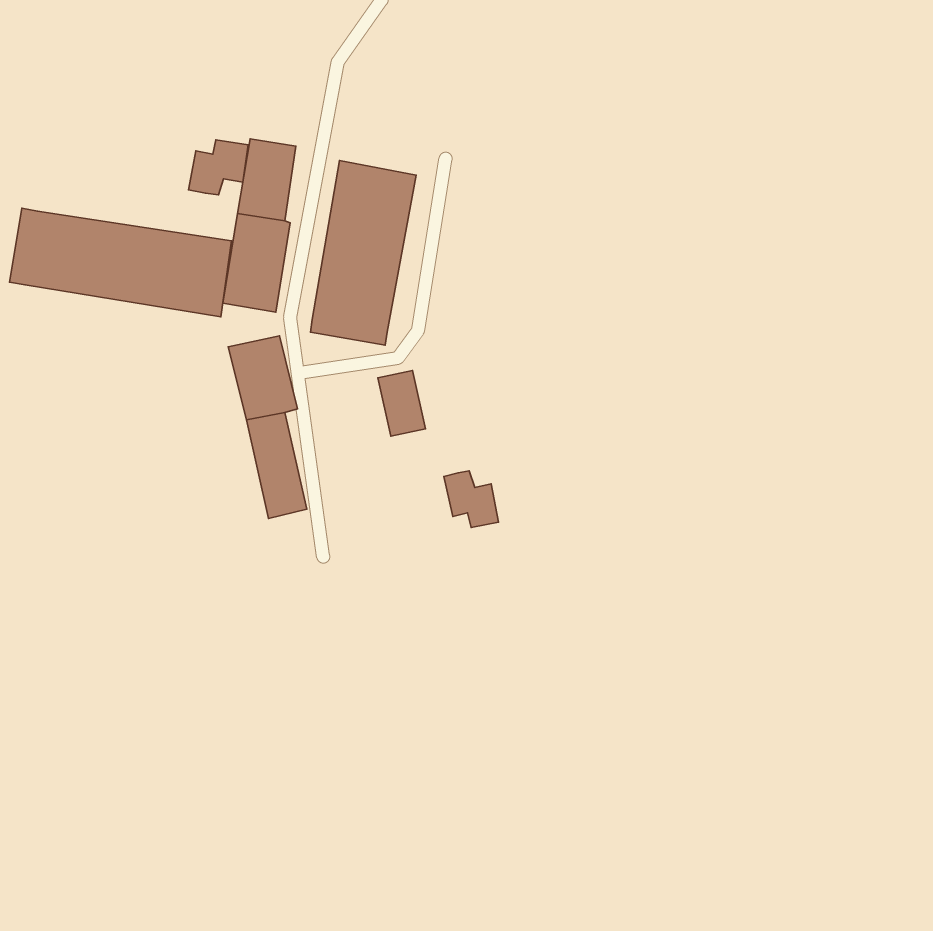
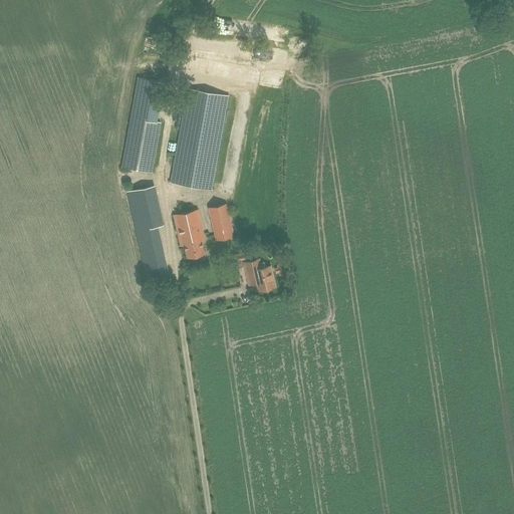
building: [188,140,248,195] -> none
building: [10,208,232,317] -> none
building: none -> [175,211,205,259]

